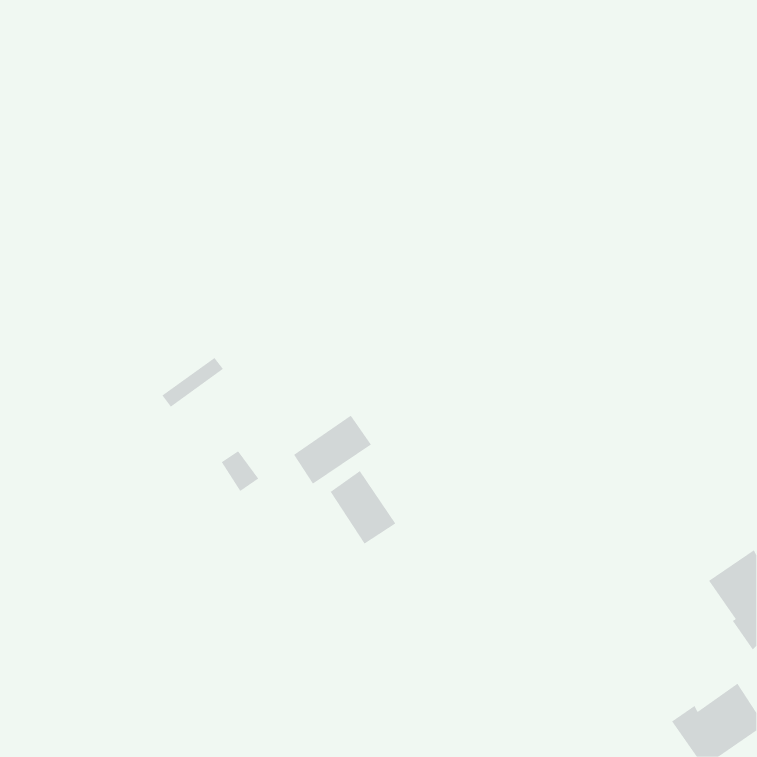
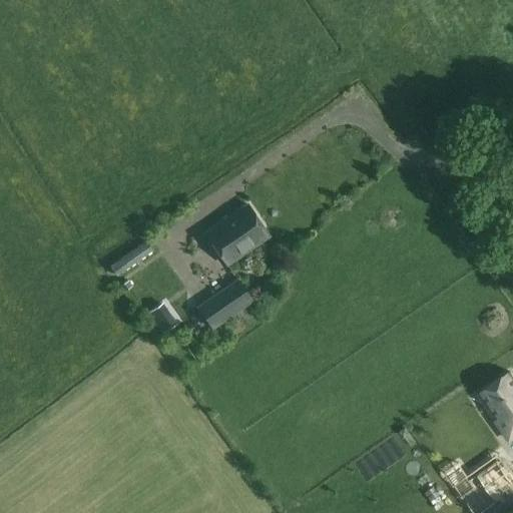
building: none -> [204,204,268,265]
building: [330,470,396,545] -> none

